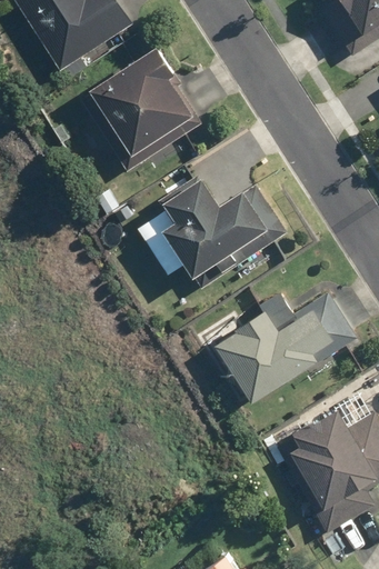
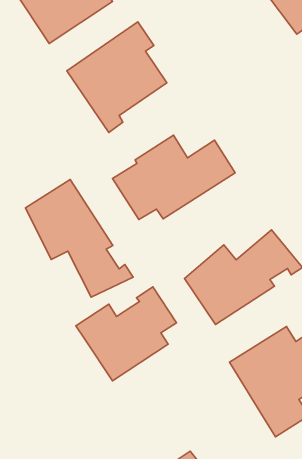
building: none -> [25,180,133,297]
building: none -> [76,287,177,381]

